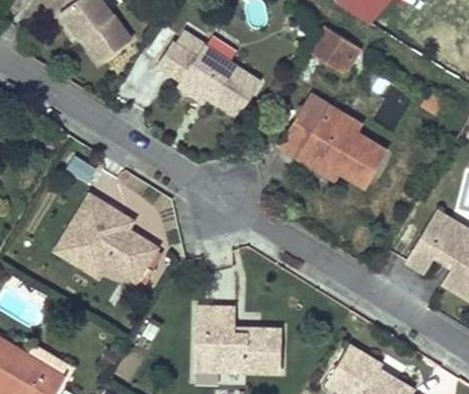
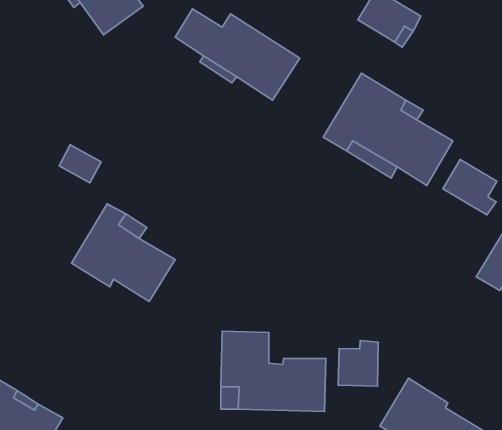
building: none -> [443,160,497,215]
building: [55,193,104,278] -> none
building: none -> [338,340,378,386]

